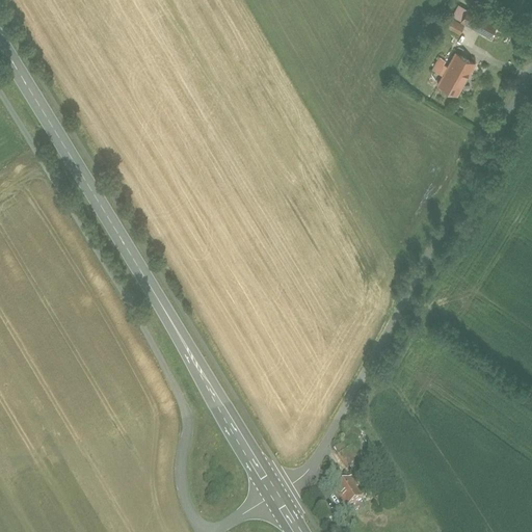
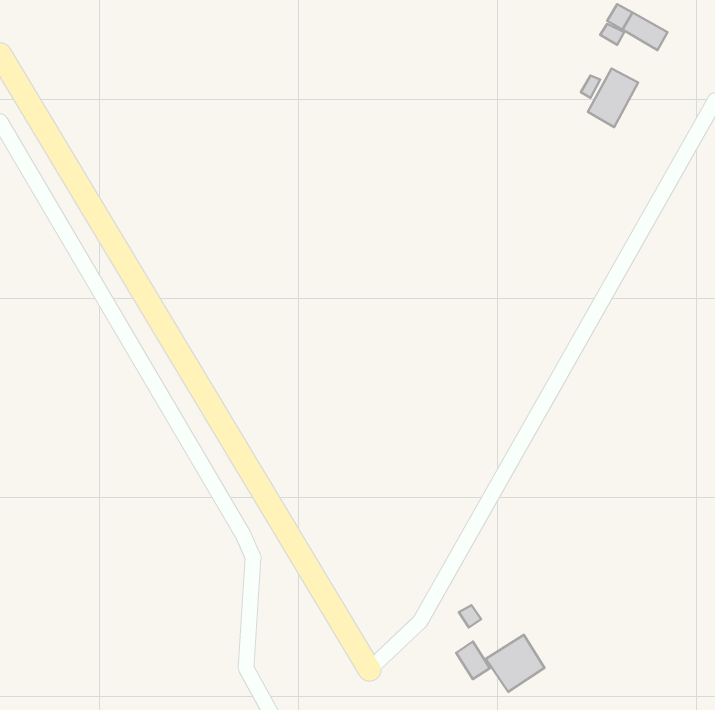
building: none -> [486,635,545,692]

